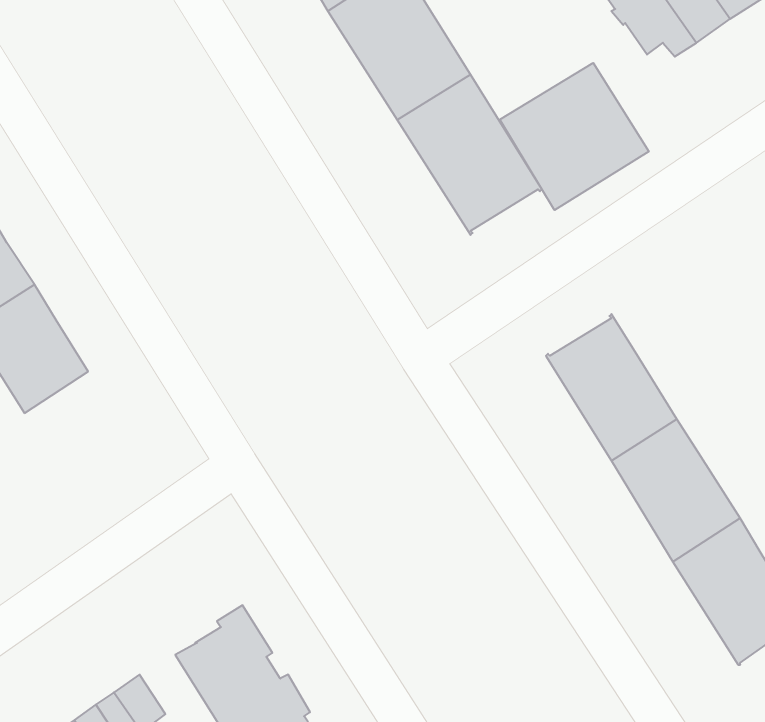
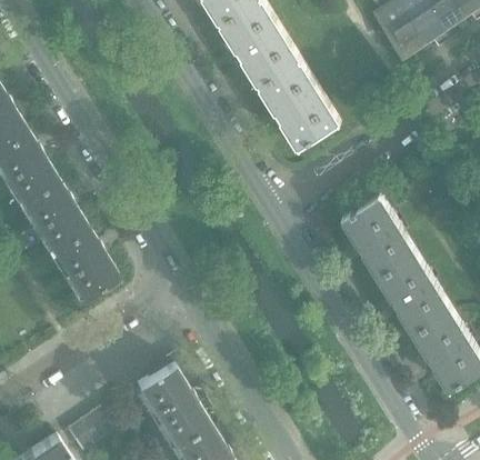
building: [500,63,649,210] -> none
building: none -> [50,228,117,300]

